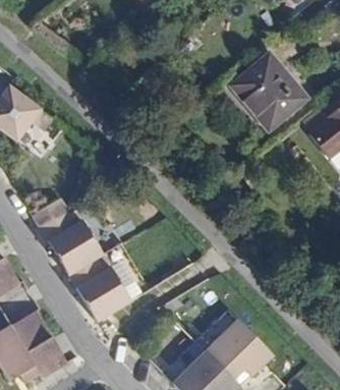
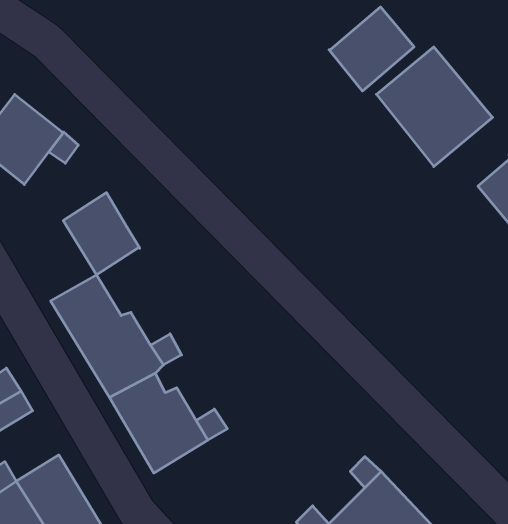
building: none -> [329,7,414,91]
building: none -> [63,193,140,275]

